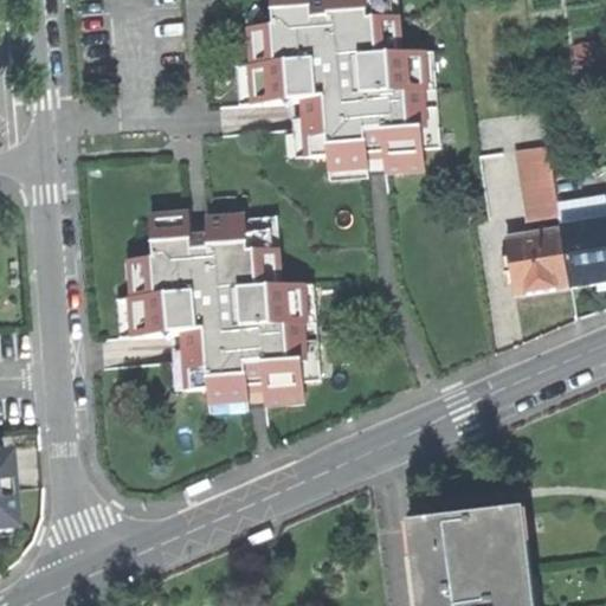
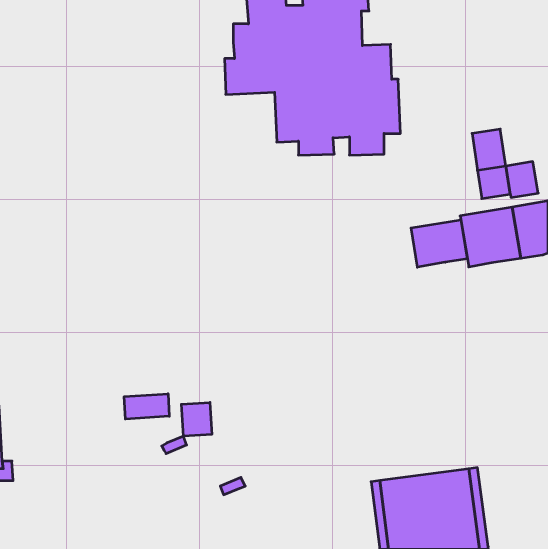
building: [123,214,315,406] -> none
building: none -> [411,220,467,267]
building: none -> [124,394,169,419]
building: none -> [181,402,212,436]

